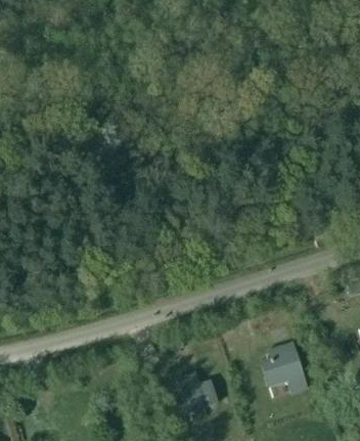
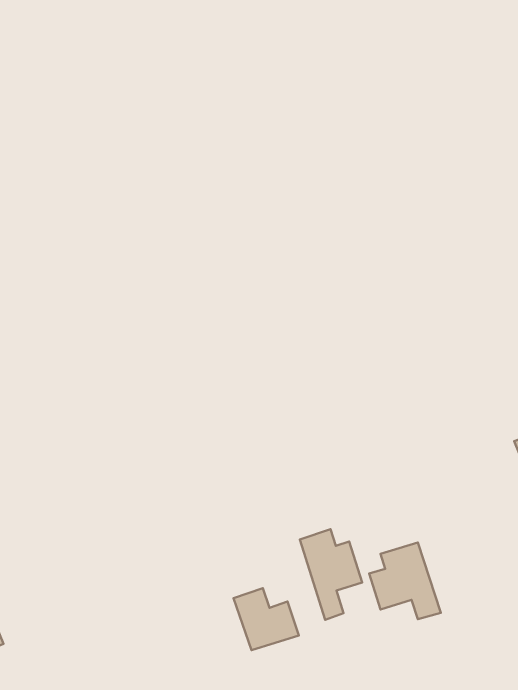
building: none -> [300,529,362,620]

